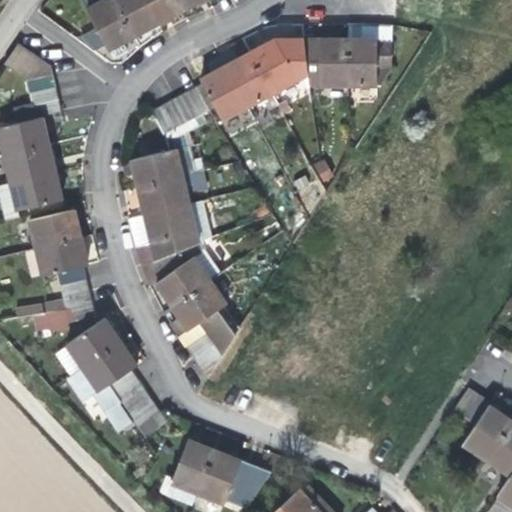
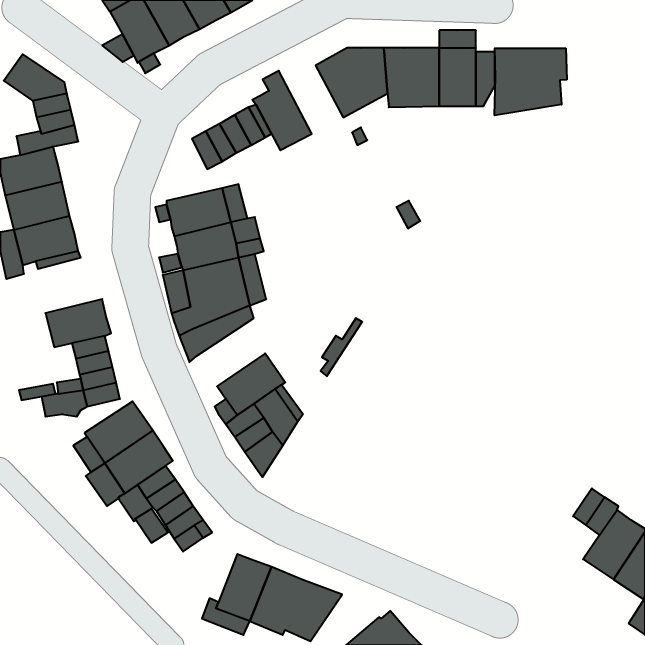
building: none -> [495,48,567,115]
building: [221,50,272,106] -> none
building: [29,209,81,248] -> none
building: [156,249,221,306] -> none

